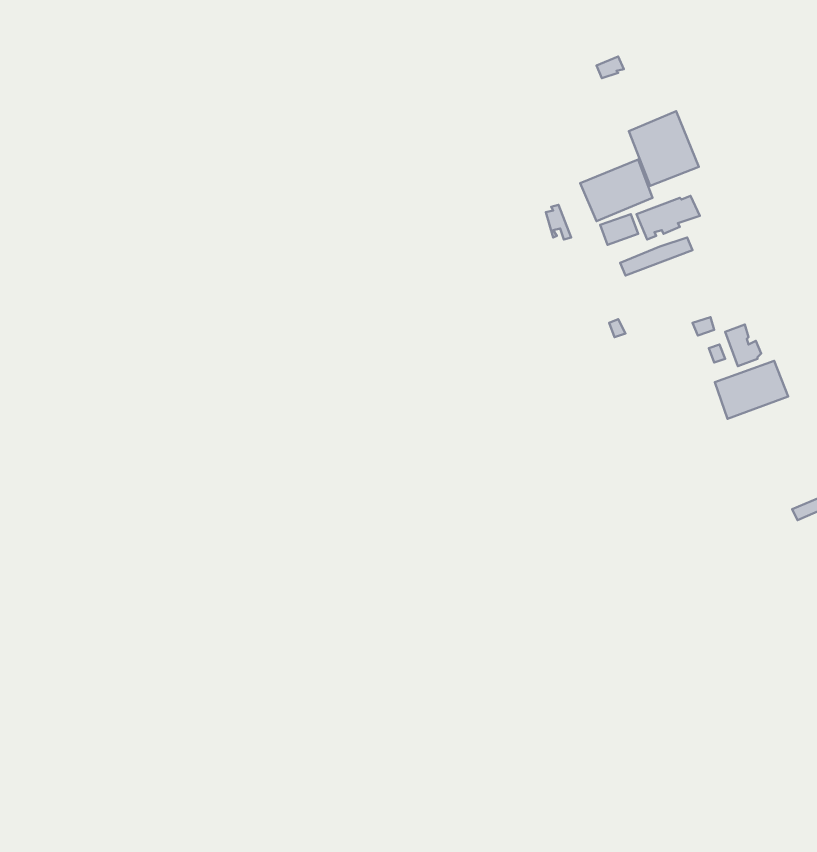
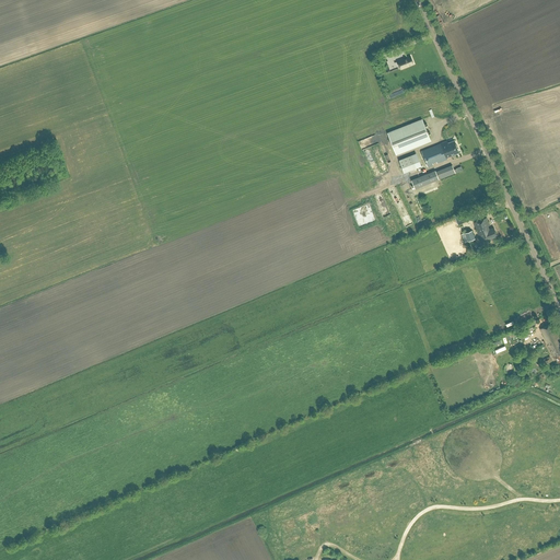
building: [629,111,699,186] -> none
building: [715,361,788,419] -> none

